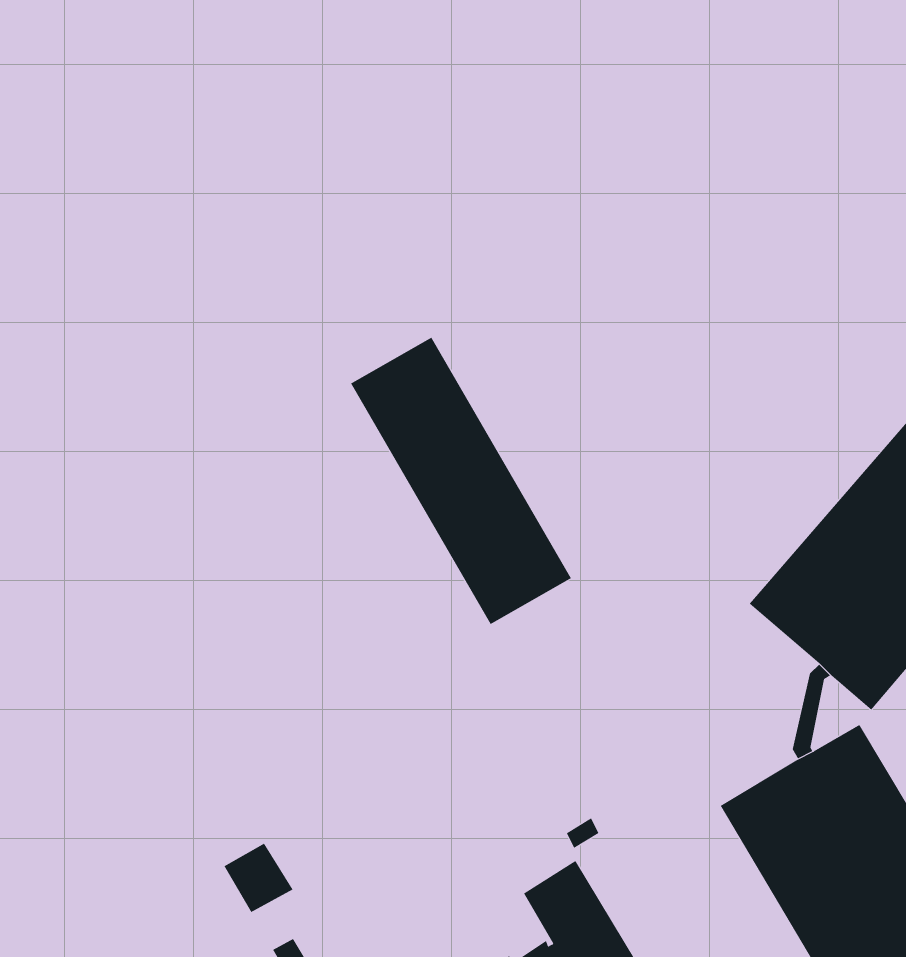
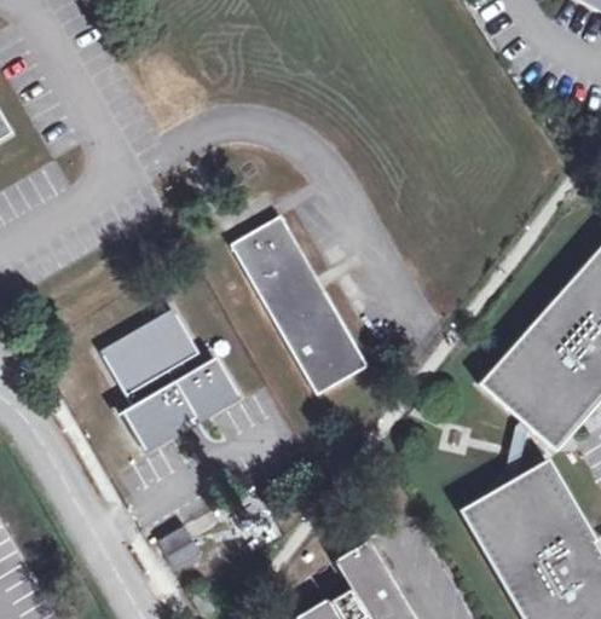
building: none -> [102,310,241,453]

